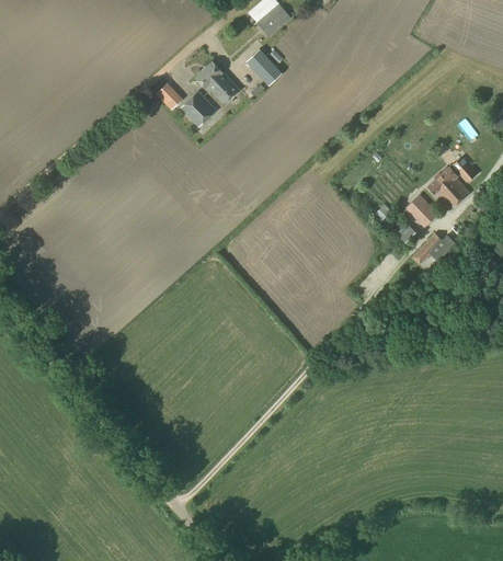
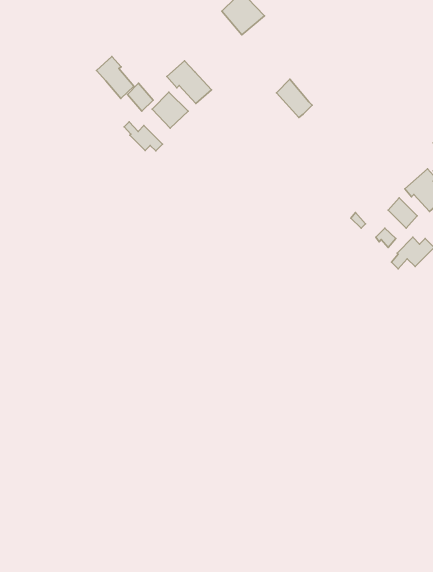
building: [247,48,282,85] -> [276,79,312,117]
building: none -> [97,56,134,98]
building: none -> [124,122,162,151]

